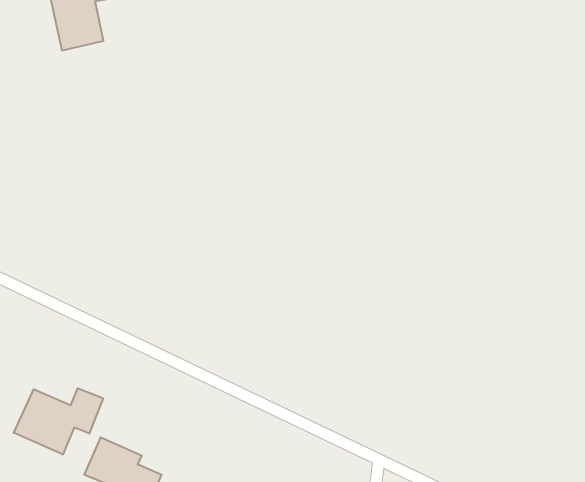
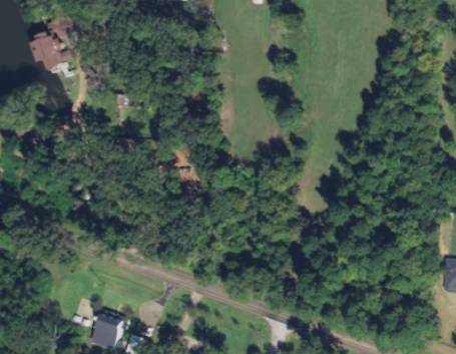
building: [14,388,103,455] -> none

